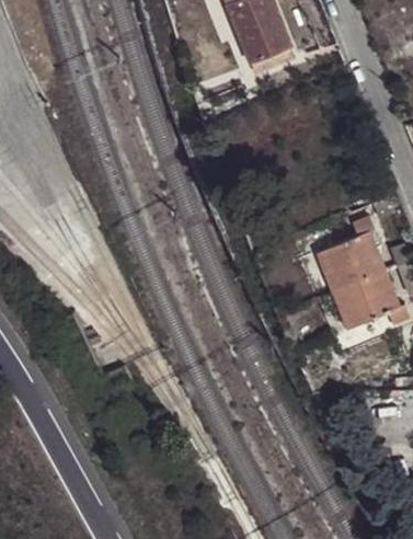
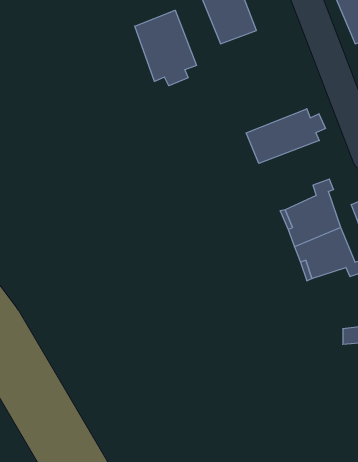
building: none -> [135,10,197,86]
building: none -> [246,109,325,163]

